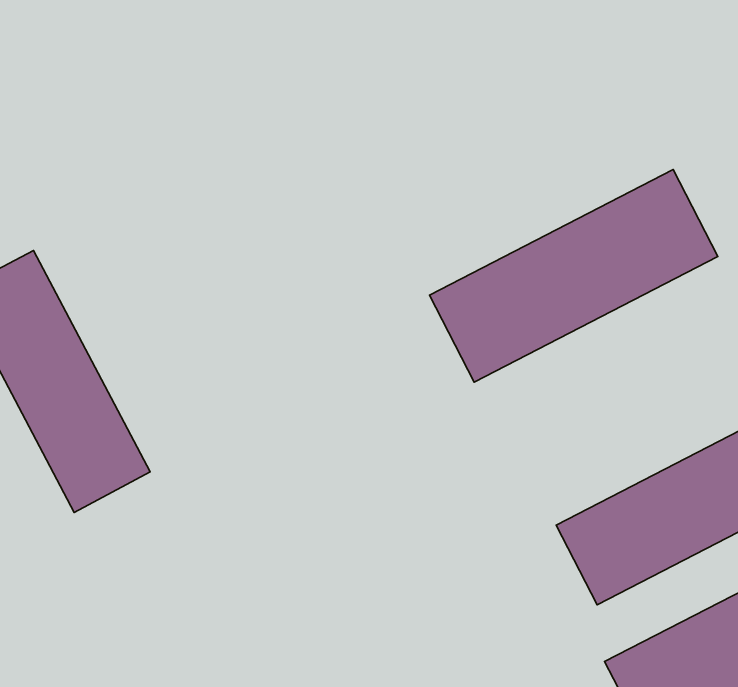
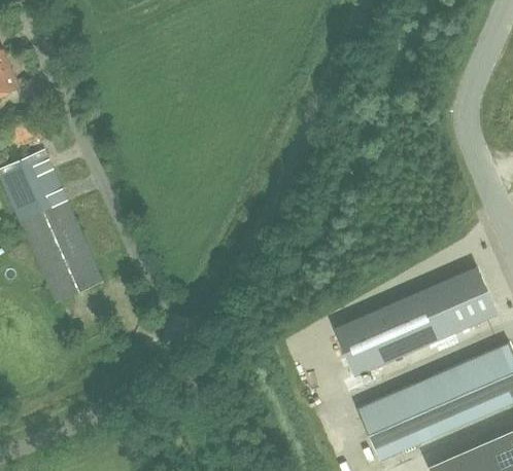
building: [429,169,718,382] -> none

